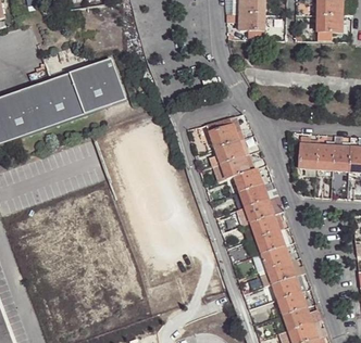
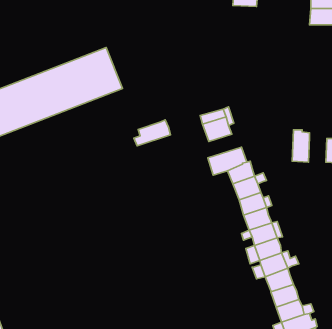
building: [239,12,263,30] -> none
building: [211,139,248,165] -> [134,120,171,146]
building: [315,140,334,169] -> none

